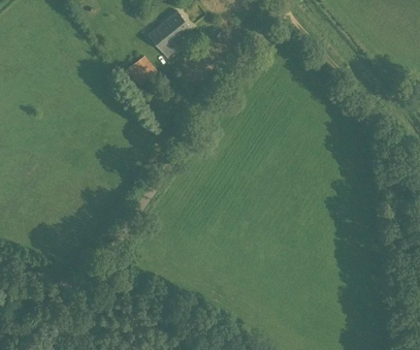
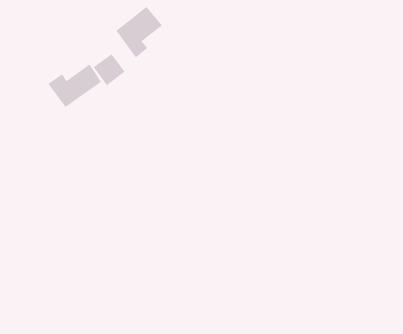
building: none -> [47,64,102,108]

